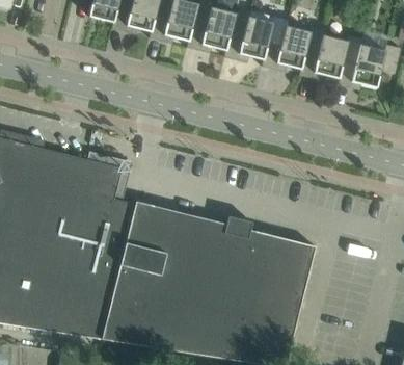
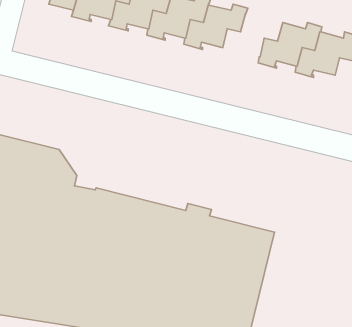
building: [262,24,326,70] -> none

